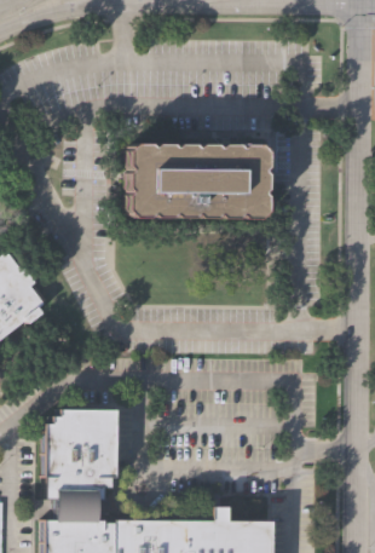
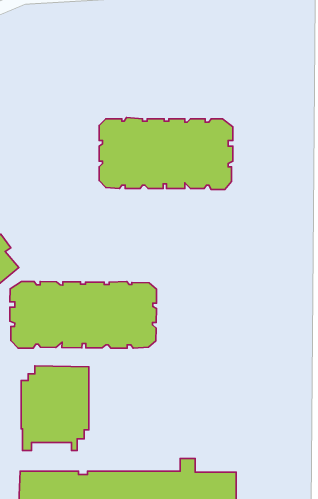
building: none -> [10,281,157,348]
building: [58,488,100,518] -> none

